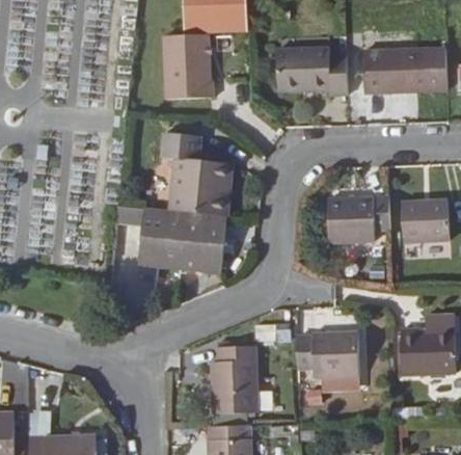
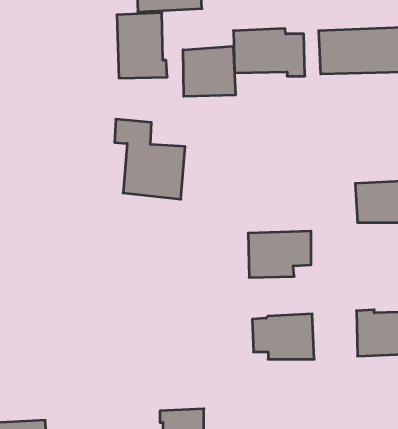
building: none -> [183,46,235,96]
building: [327,195,389,241] -> [248,231,311,277]
building: [138,209,226,270] -> none
building: [212,345,257,411] -> none

